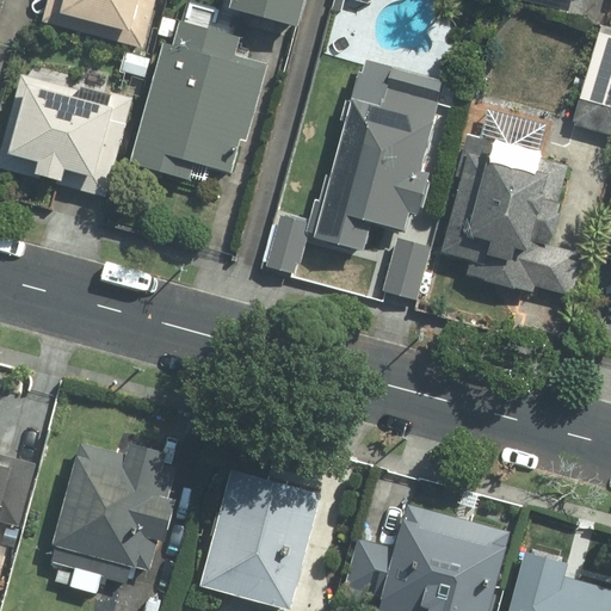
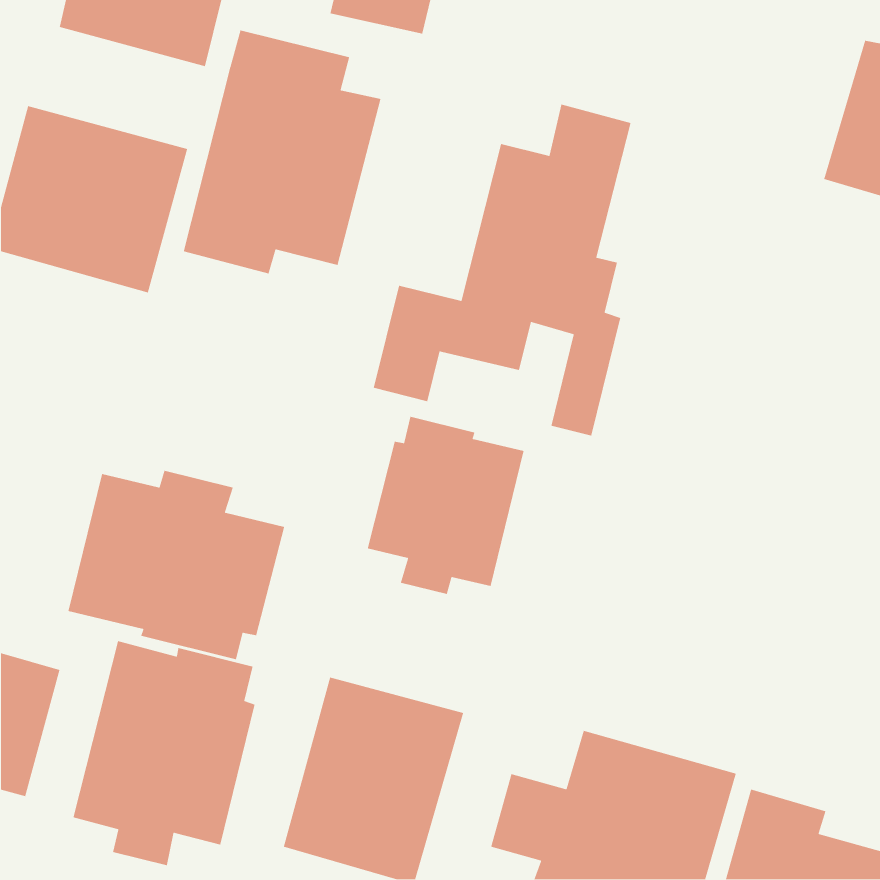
building: [436,101,580,295] -> none
building: none -> [367,416,524,595]
building: none -> [68,470,285,660]

